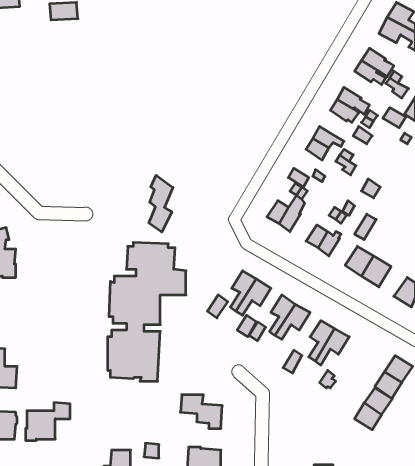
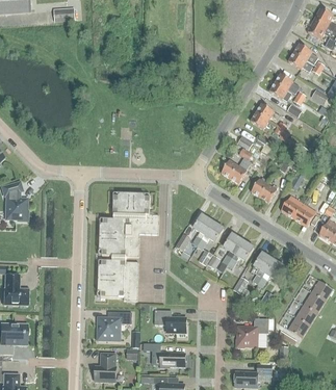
building: [149,175,173,232] -> none
building: [26,403,70,440] -> [97,311,131,340]
building: none -> [236,318,268,347]

